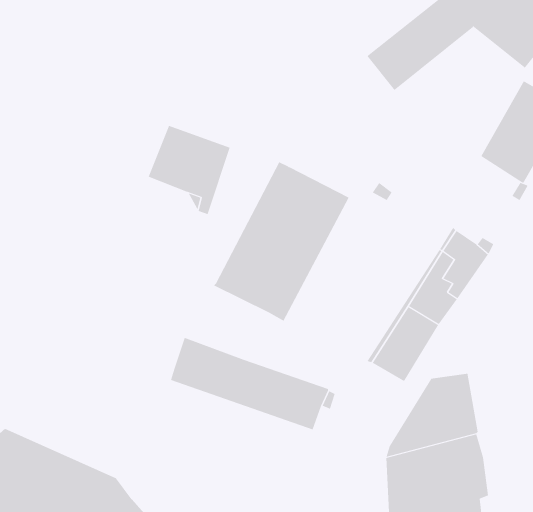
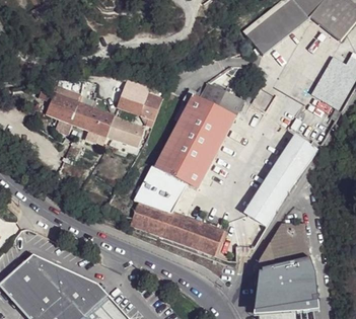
building: none -> [39,80,142,149]
building: none -> [199,83,243,117]
building: none -> [135,167,187,213]

